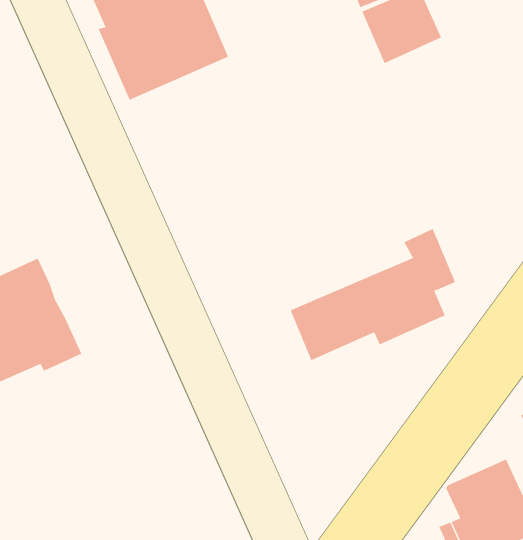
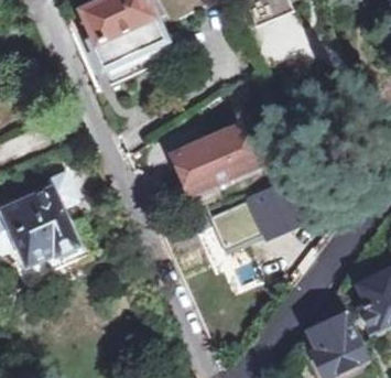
building: none -> [173,127,253,194]

